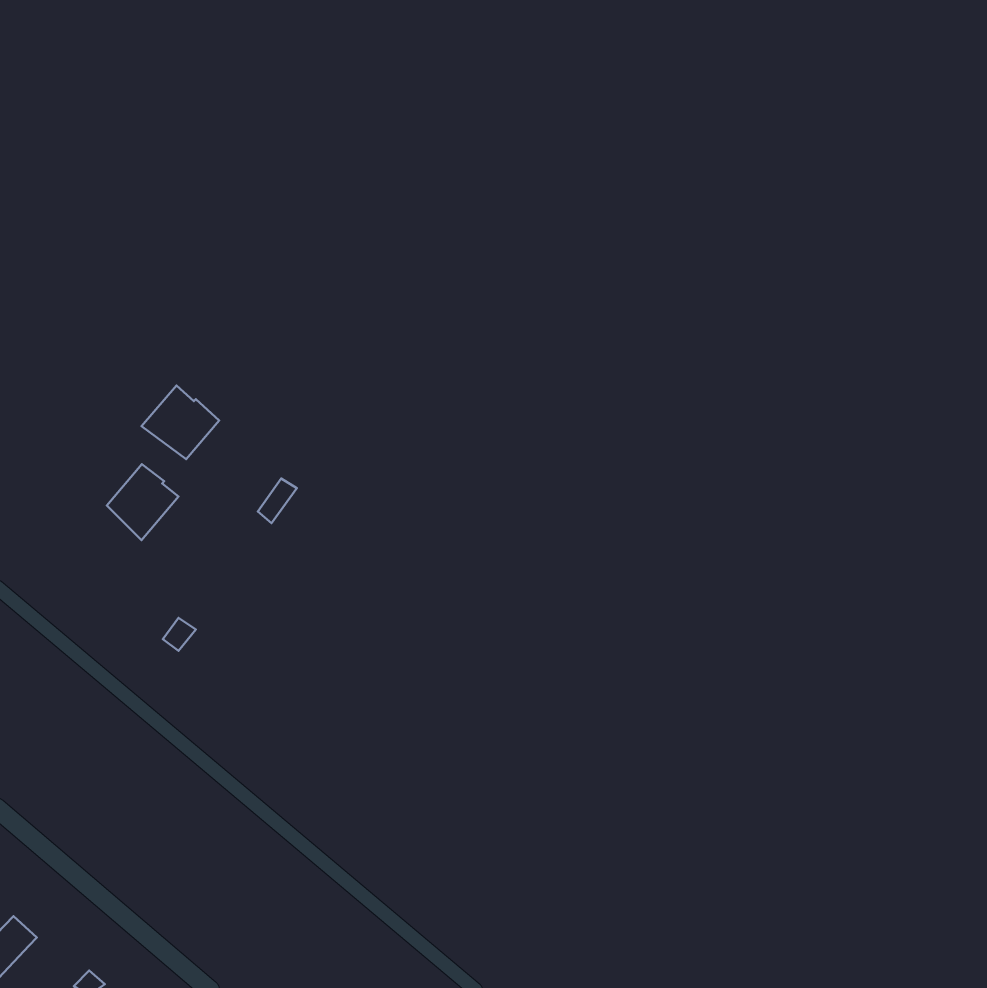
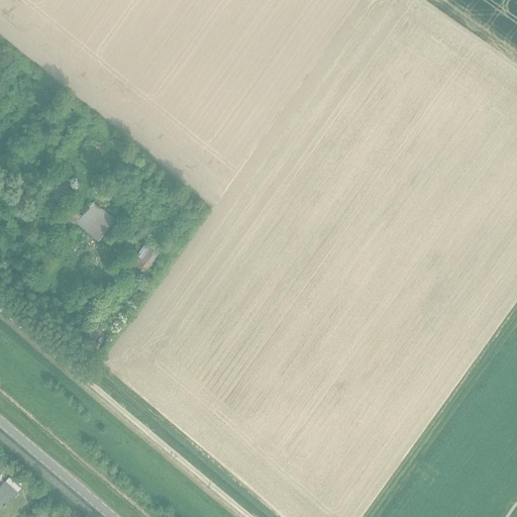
building: [107,464,178,540] -> none

